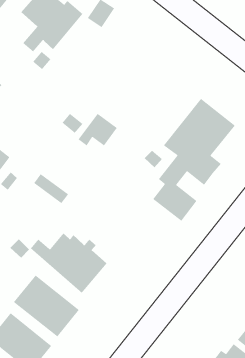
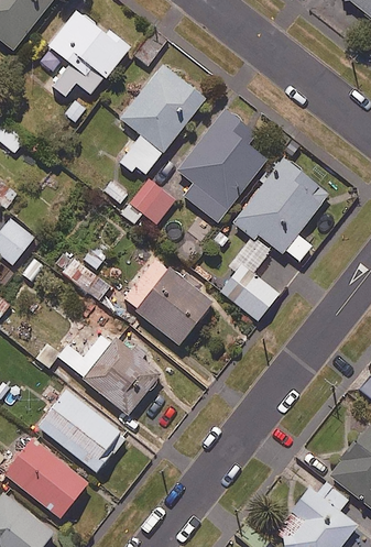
building: none -> [119,65,205,178]
building: none -> [176,108,265,221]
building: none -> [120,256,214,347]

